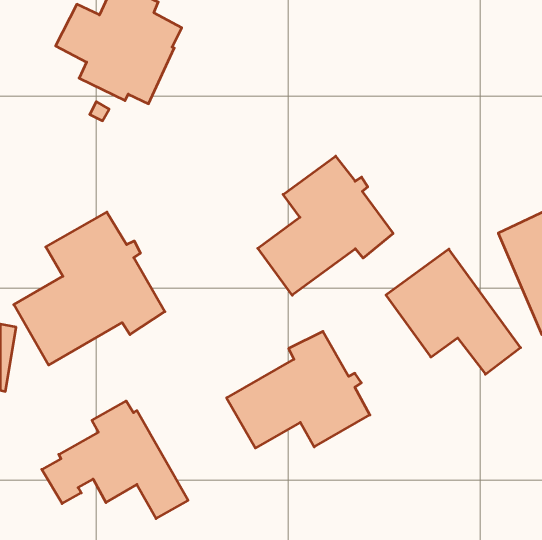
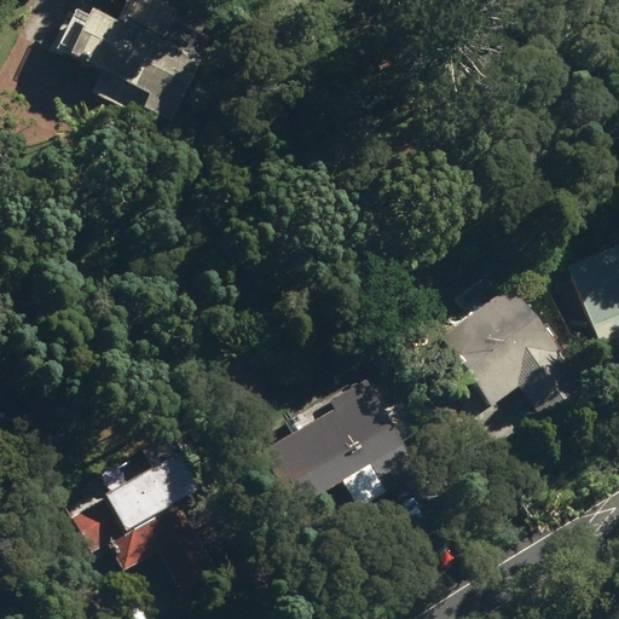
building: [258,156,393,295] -> none
building: [14,212,165,365] -> none

